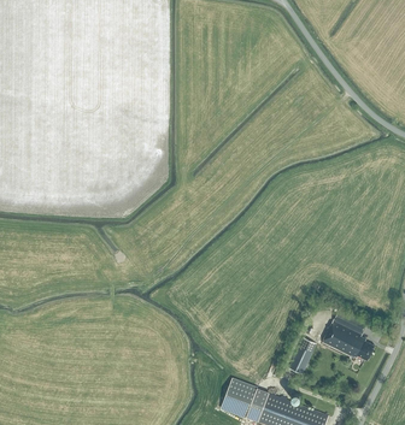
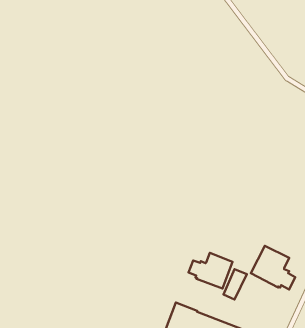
building: none -> [189,253,233,289]

